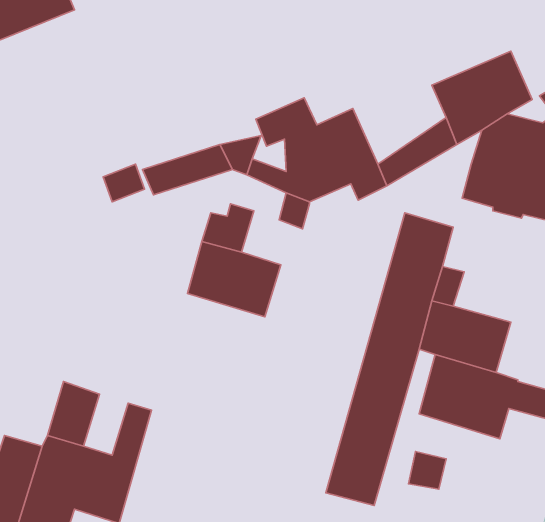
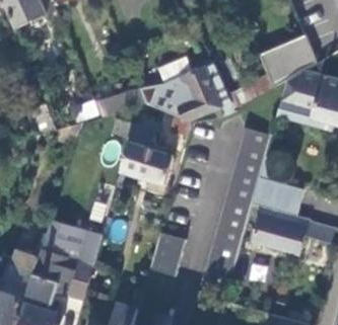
building: none -> [149,230,185,274]

